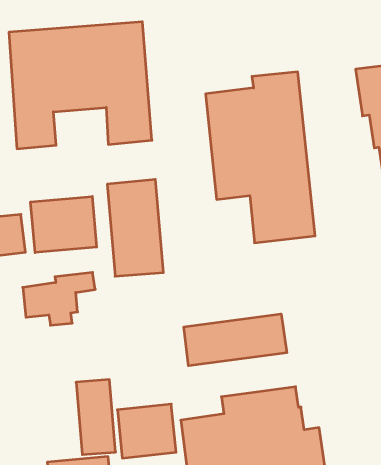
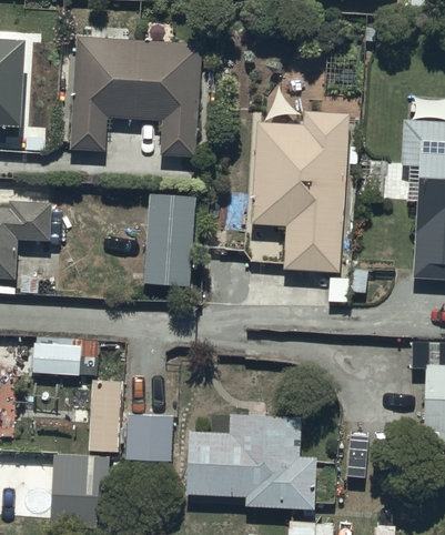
building: [31,196,97,253] -> none
building: [23,272,95,325] -> [31,335,101,382]
building: [184,314,287,366] -> none

